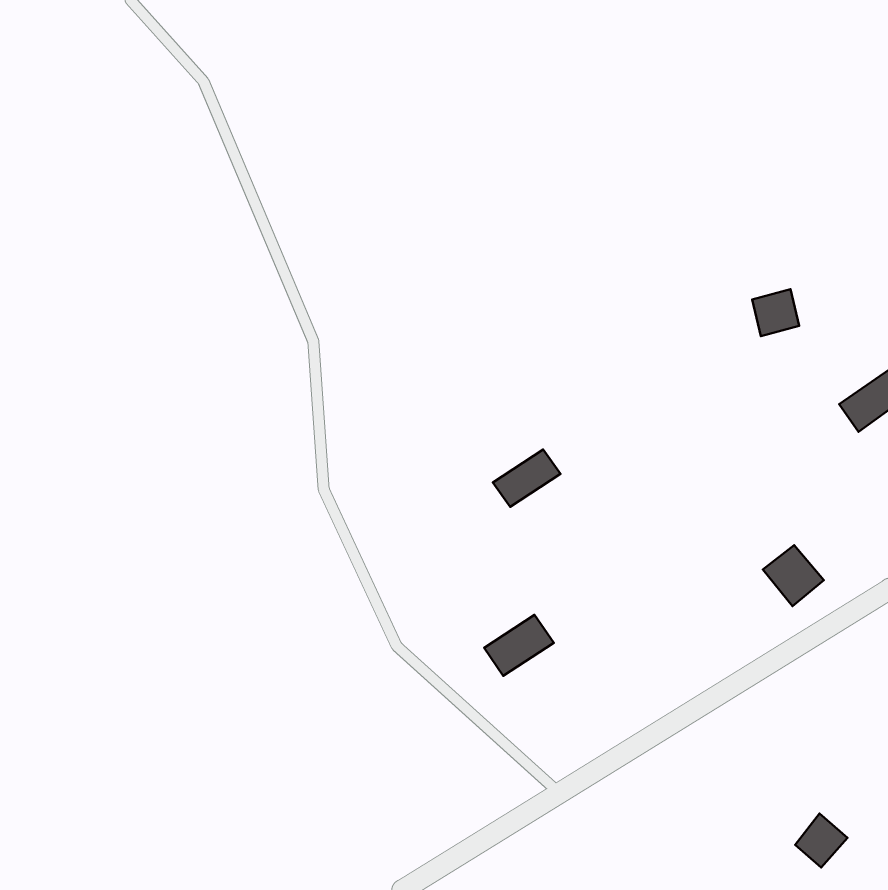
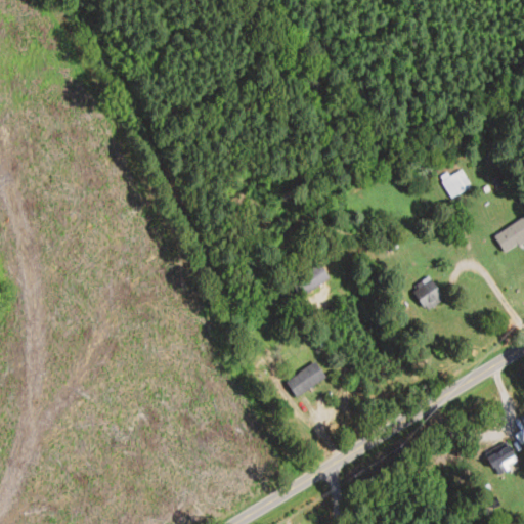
building: [763,545,824,606] -> [409,277,445,313]
building: [795,814,847,868] -> [487,442,518,474]

